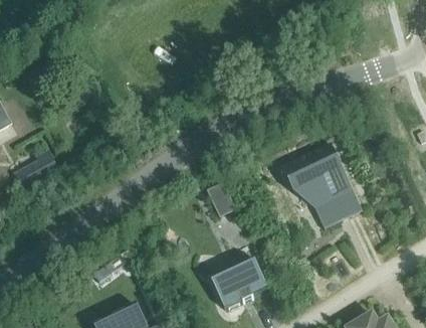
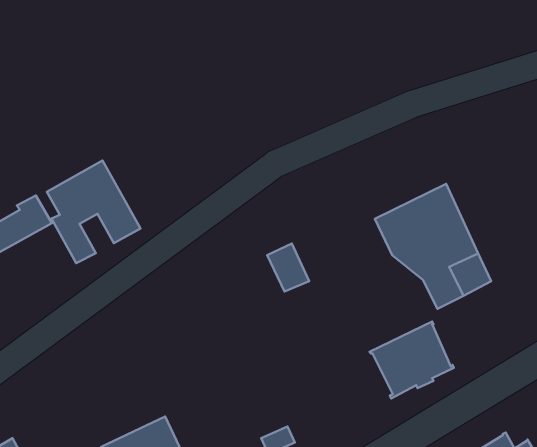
building: none -> [47,161,140,263]
building: [210,255,268,308] -> [369,321,454,398]

